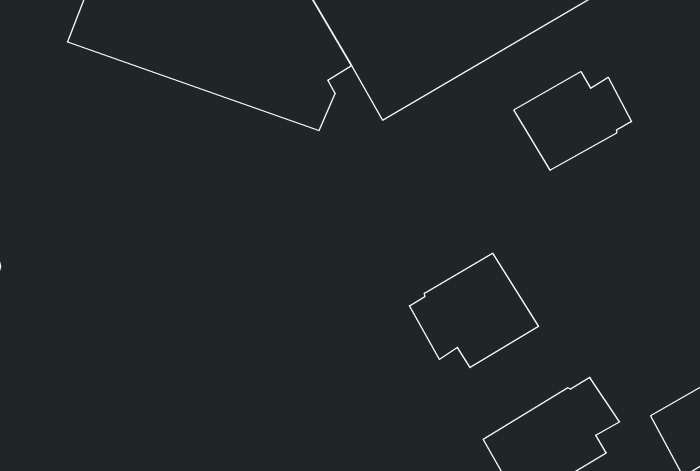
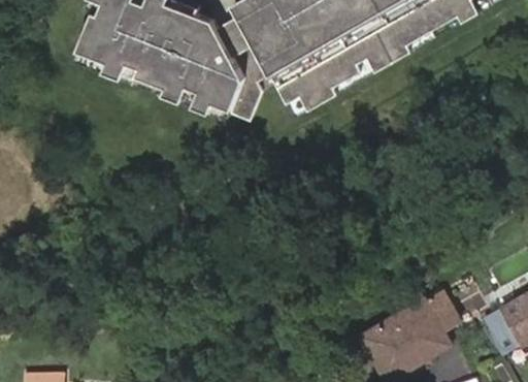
building: [514,72,632,170] -> none
building: [409,253,538,368] -> none

